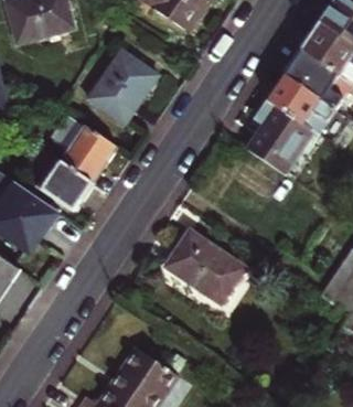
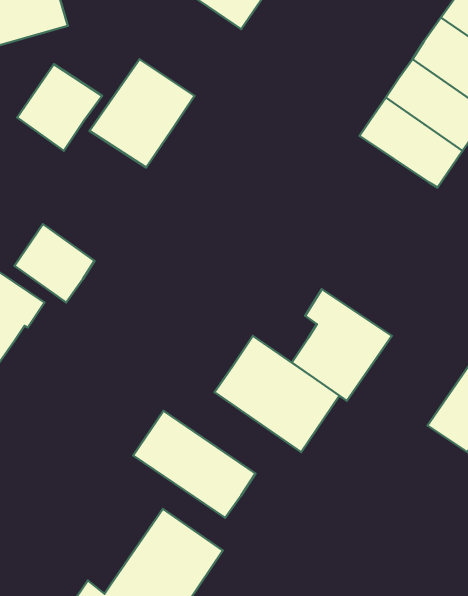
building: [247,100,313,174] -> [292,289,392,401]
building: [61,126,117,183] -> [17,64,102,151]
building: none -> [133,411,255,518]

